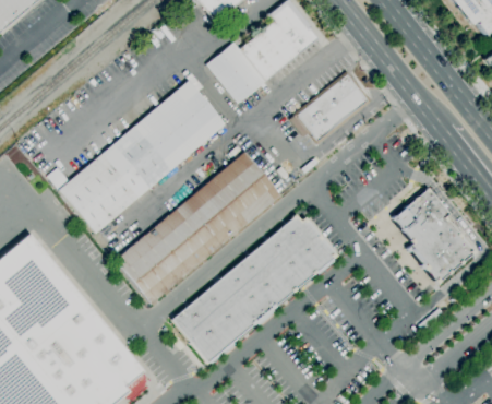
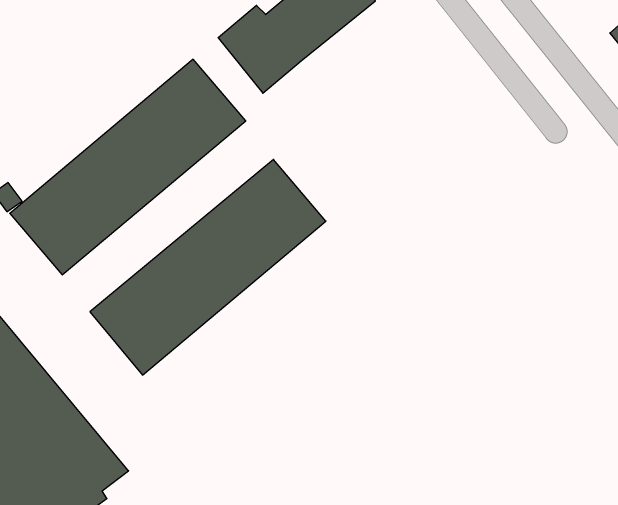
building: [289,71,371,143] -> none
building: [389,187,481,282] -> none
building: [171,211,338,364] -> none

